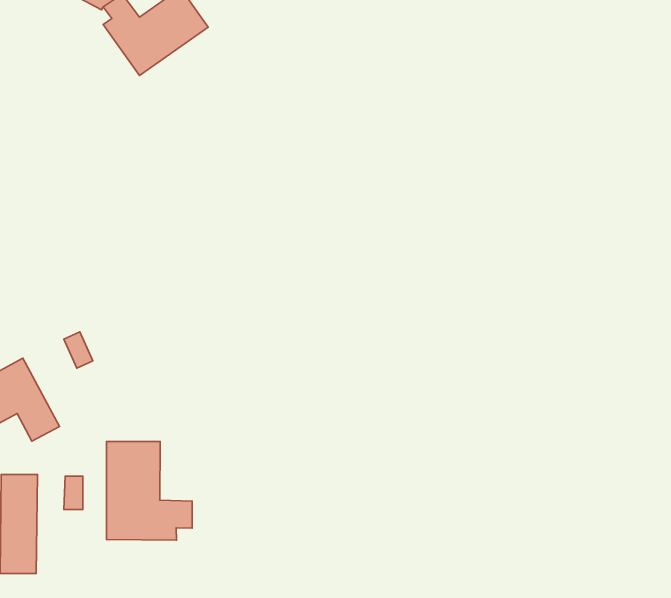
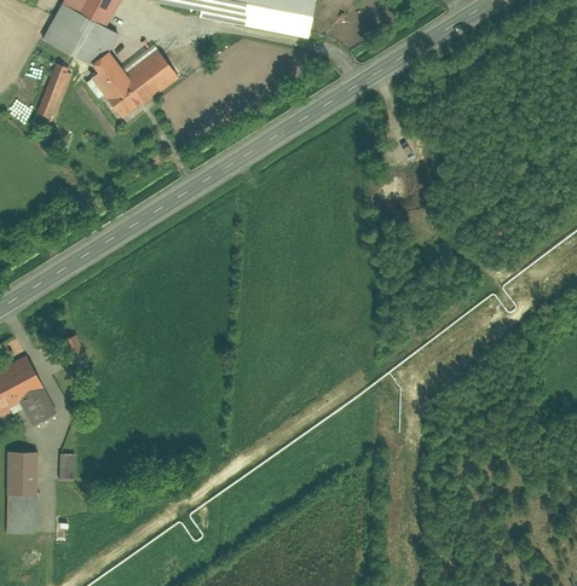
building: none -> [34,63,70,117]
building: [107,441,192,540] -> none

